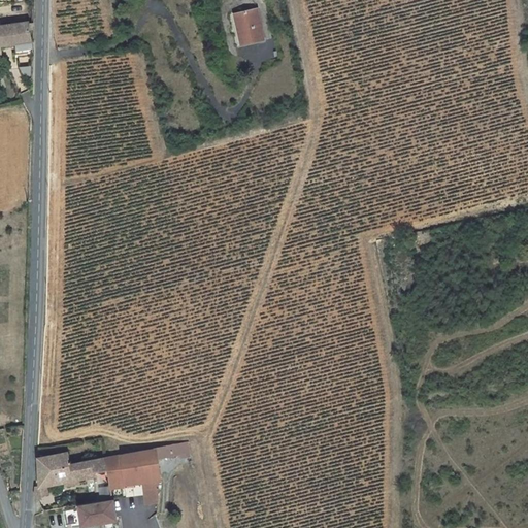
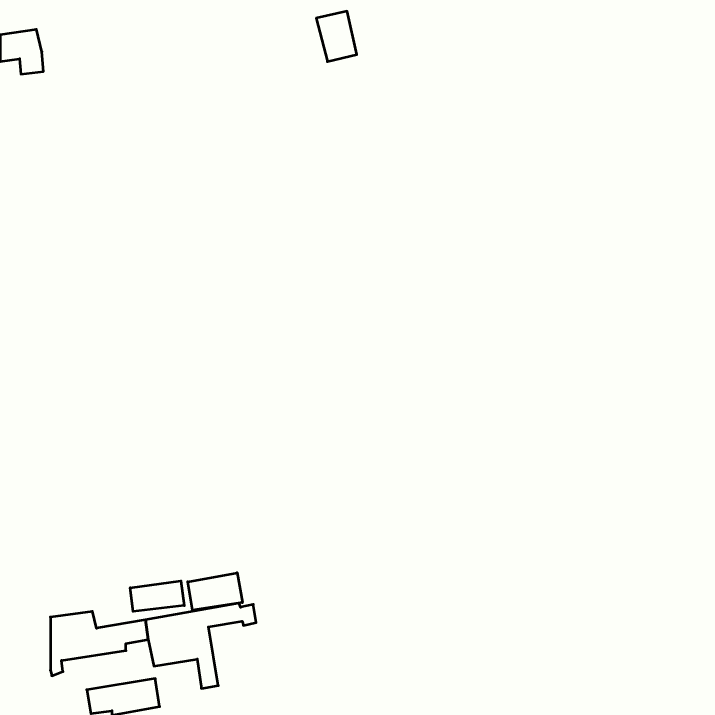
building: none -> [188,573,242,610]
building: none -> [130,581,184,611]

